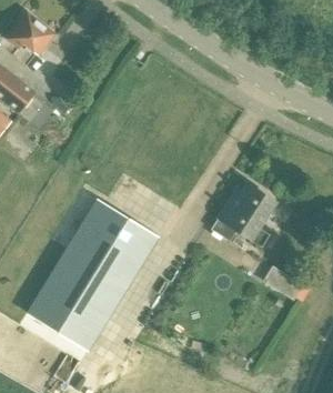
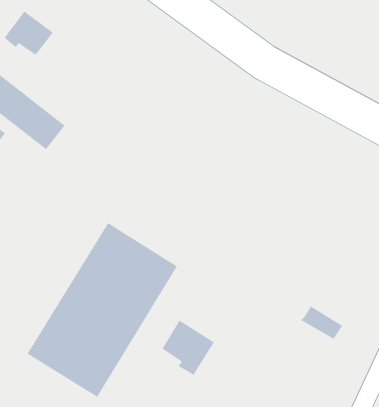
building: [210,184,273,249] -> none
building: none -> [162,320,215,376]

